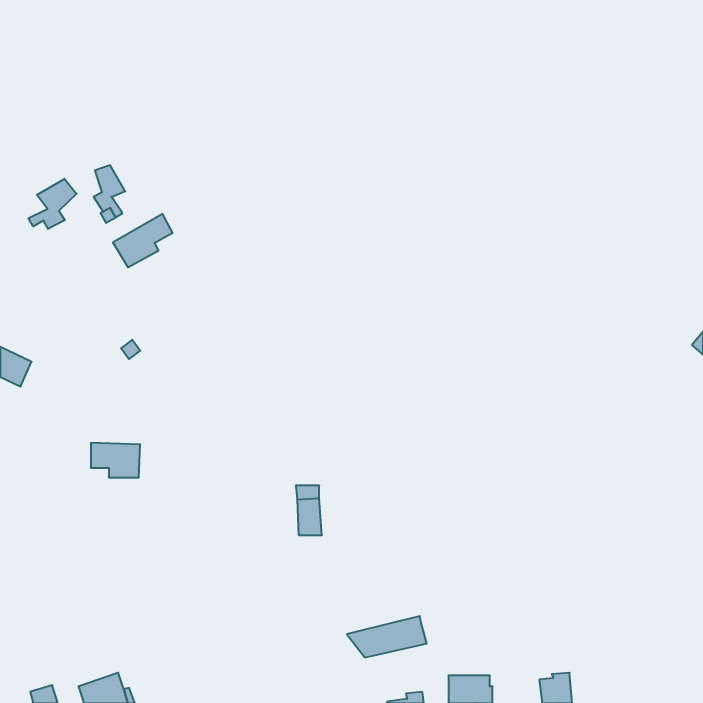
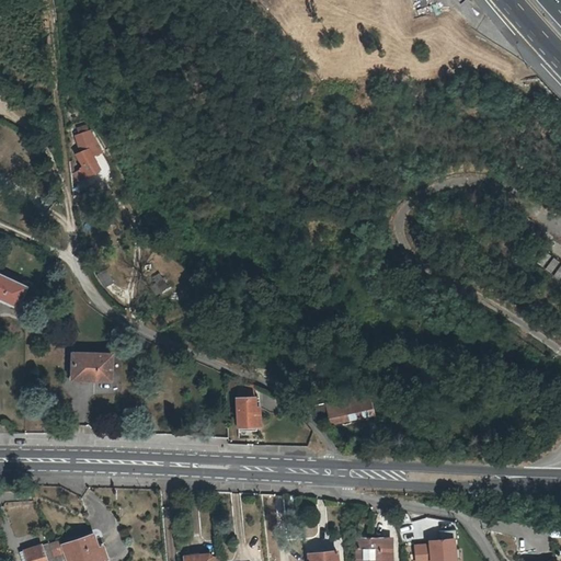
building: [29,179,77,229] -> none
building: [113,214,172,267] -> none
building: [347,616,427,657] -> [310,392,374,425]

